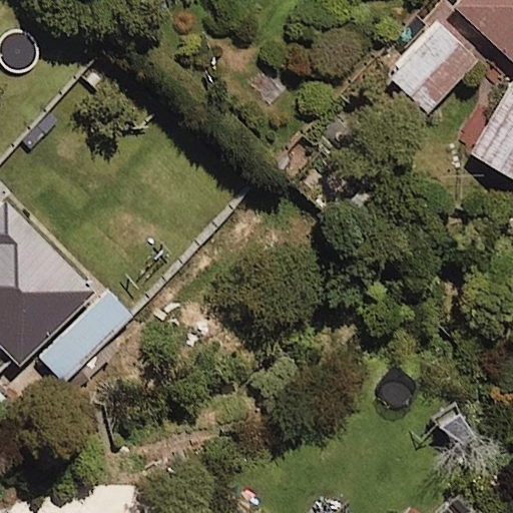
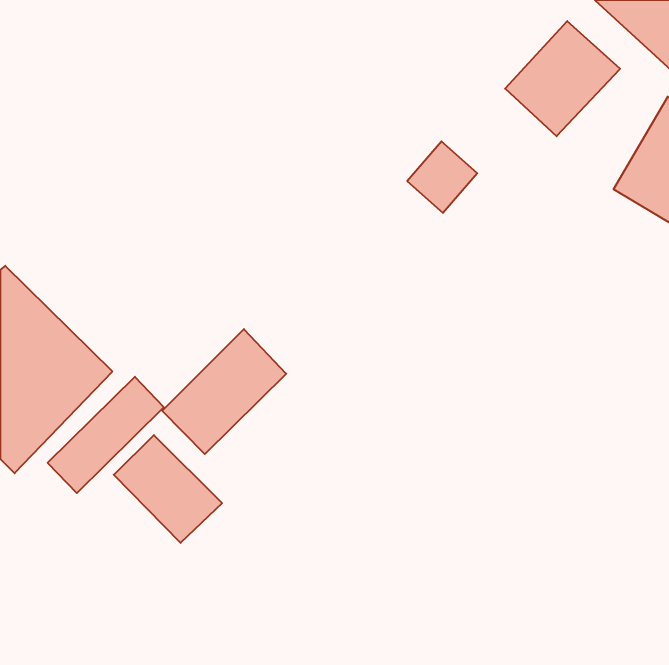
building: none -> [162,329,286,454]
building: none -> [114,435,222,543]

